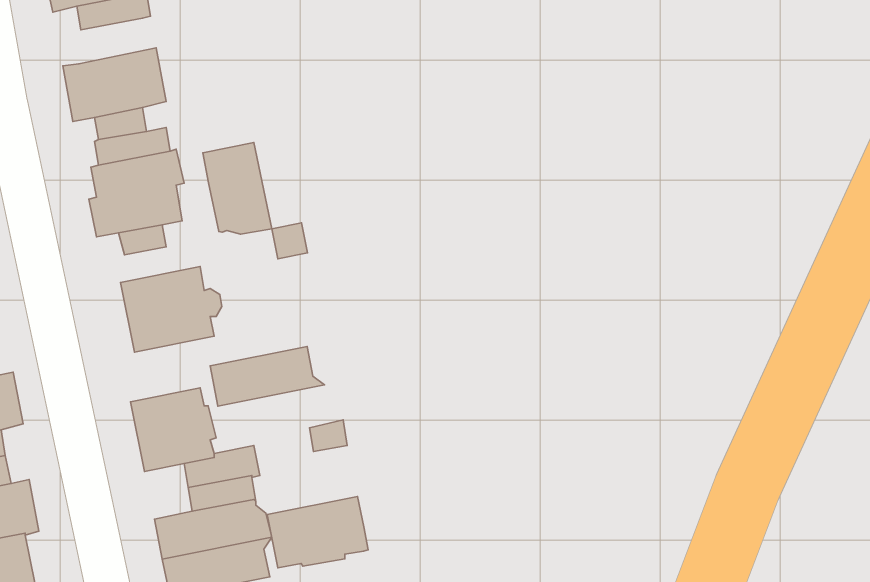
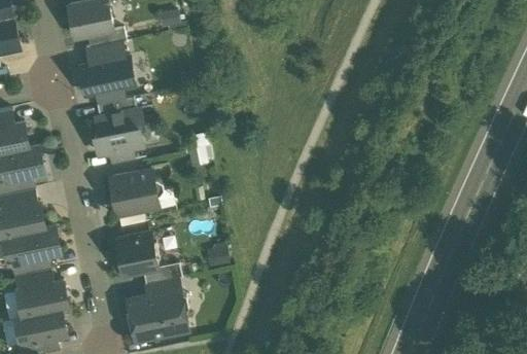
building: none -> [85,41,125,65]
building: [203,142,272,234] -> none
building: [210,346,325,406] -> none
building: [267,496,368,568] -> none

